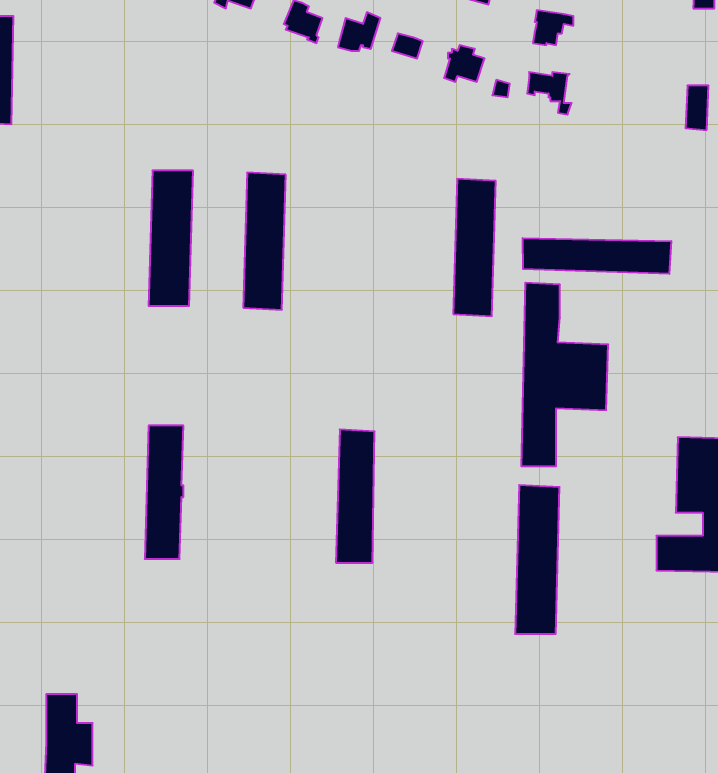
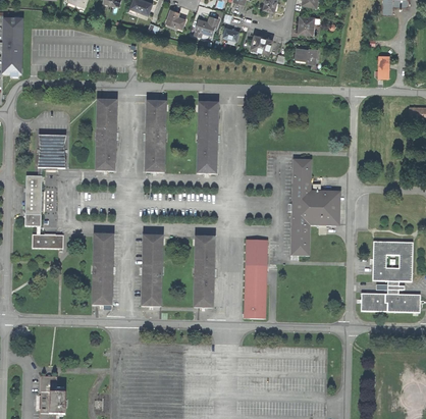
building: [453,179,496,316] -> [196,102,218,174]
building: none -> [24,135,65,249]
building: [523,238,671,274] -> none
building: none -> [141,235,162,306]
building: [515,485,560,634] -> [244,240,267,318]

